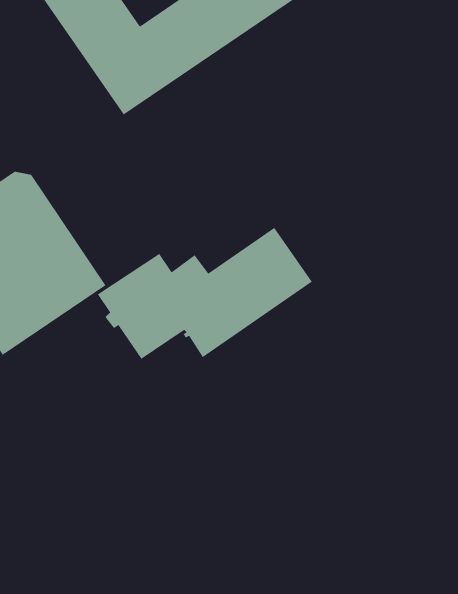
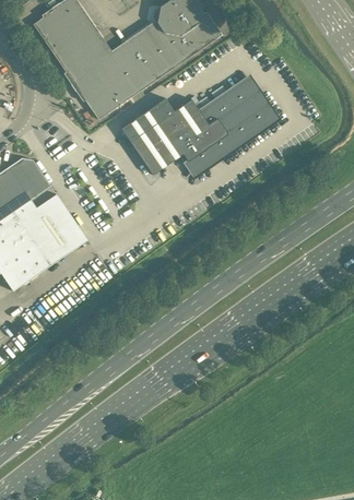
building: [97,227,313,360] -> [120,80,274,175]

